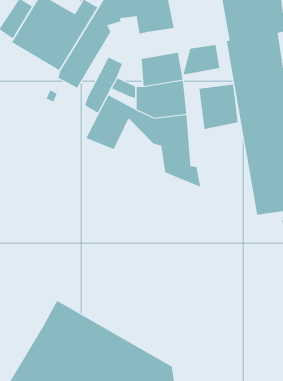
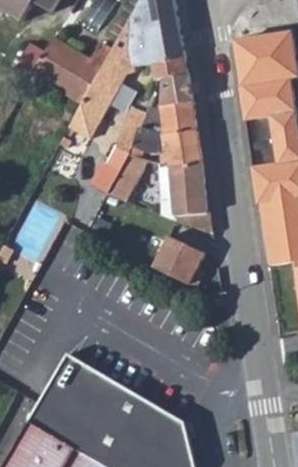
building: [183,44,220,75] -> [153,72,191,103]
building: [199,84,238,130] -> none
building: none -> [153,234,204,287]

